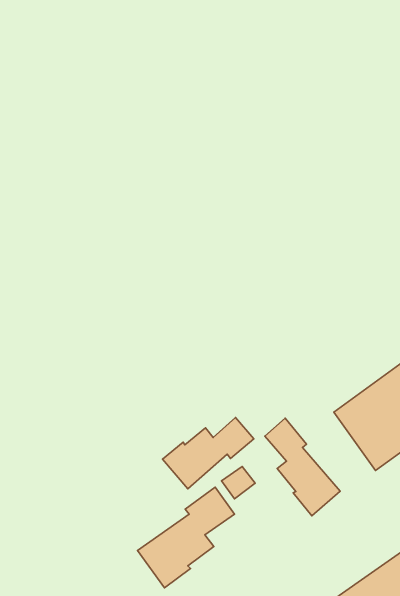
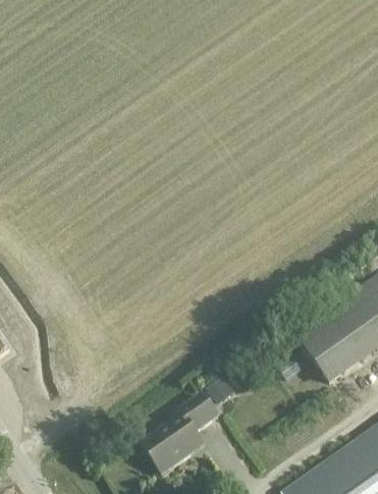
building: [163,418,254,489] -> none
building: [265,418,340,516] -> none

